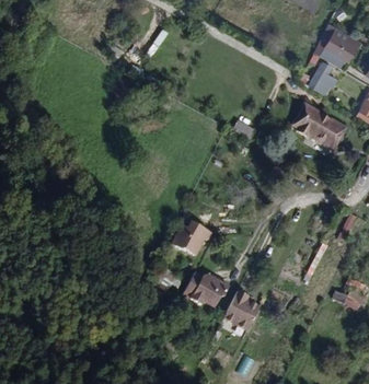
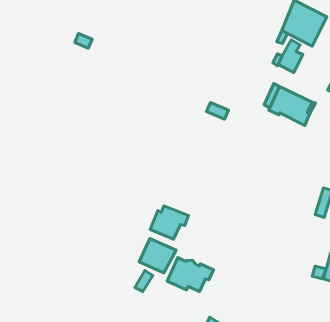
building: none -> [139,238,176,273]
building: [223,290,260,328] -> none

